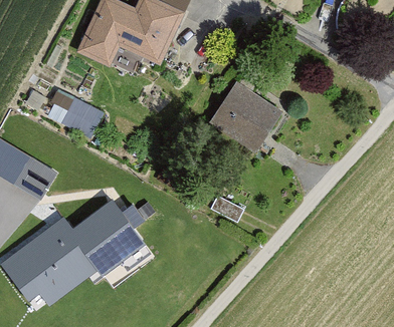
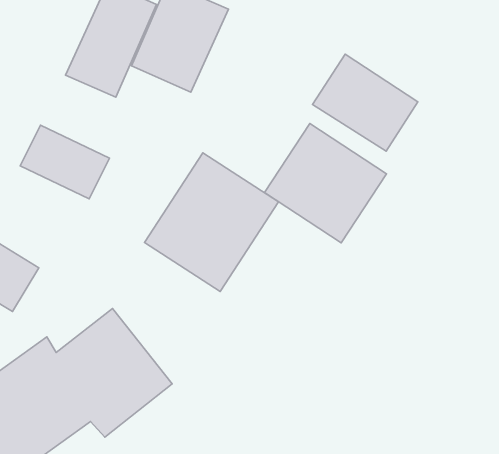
building: none -> [312,54,418,151]
building: none -> [144,153,279,292]

